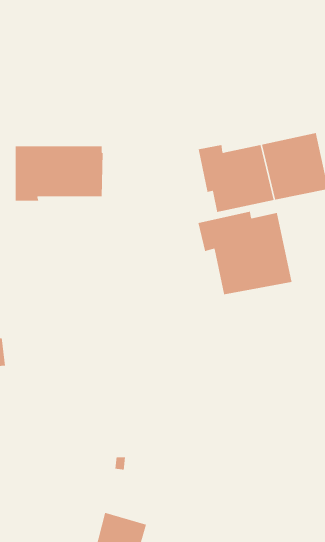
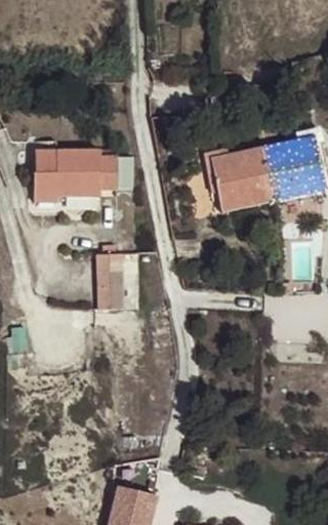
building: [198,211,292,295] -> none
building: none -> [96,245,122,309]

